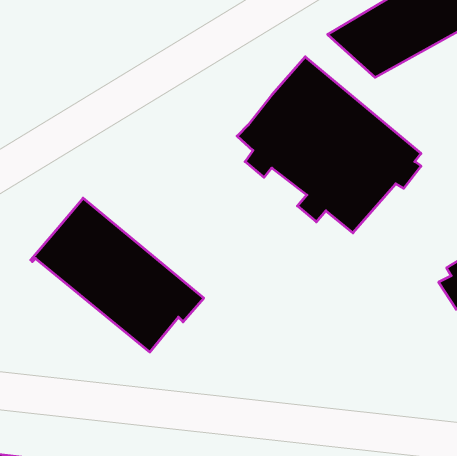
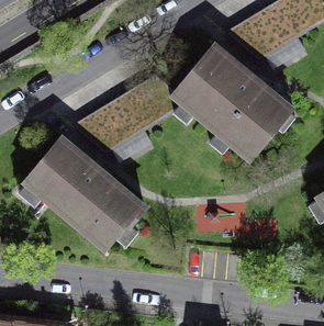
building: none -> [76,75,178,153]

